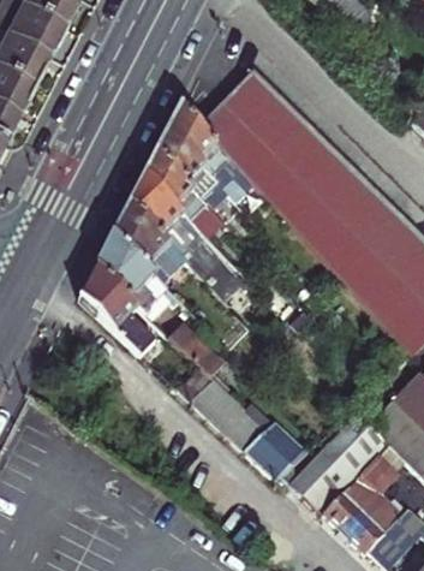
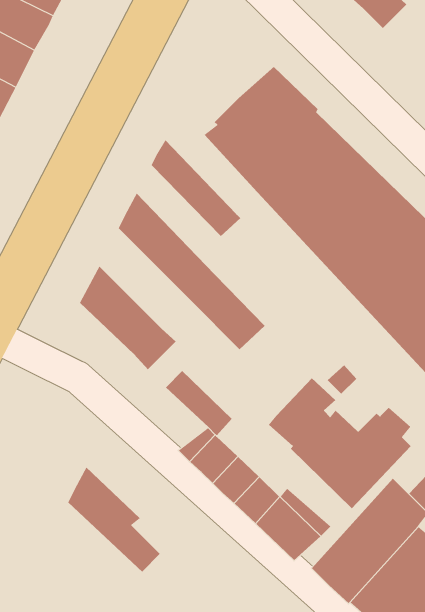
building: [165,100,241,188] -> none
building: [141,147,225,238] -> none
building: [109,200,185,284] -> none
building: [77,262,155,351] -> [68,466,161,573]
building: none -> [268,378,412,509]

